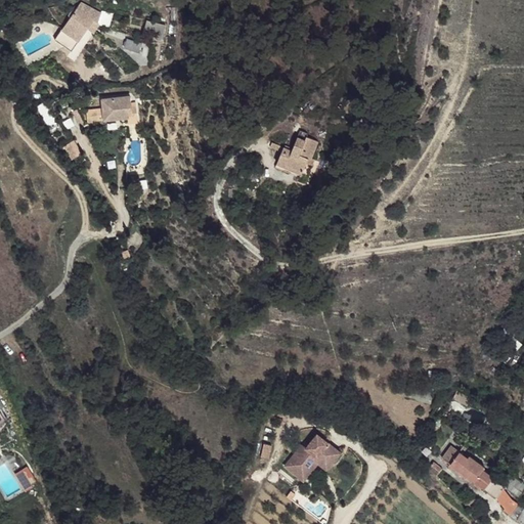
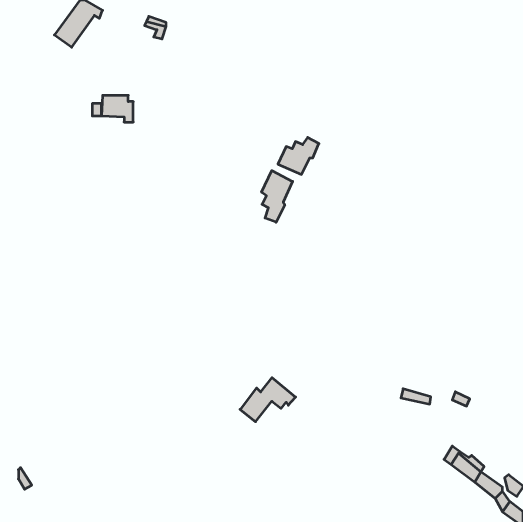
building: none -> [262,171,293,222]
building: [285,436,340,480] -> [240,378,296,422]

